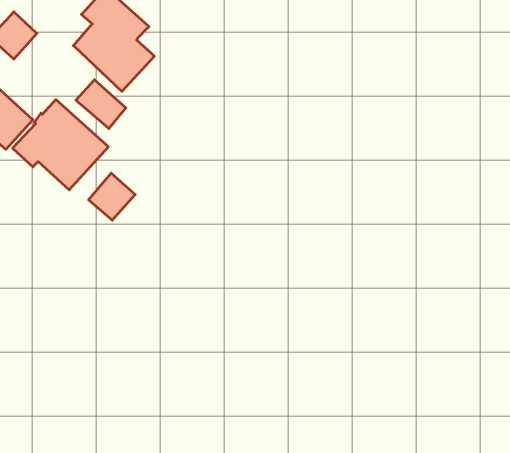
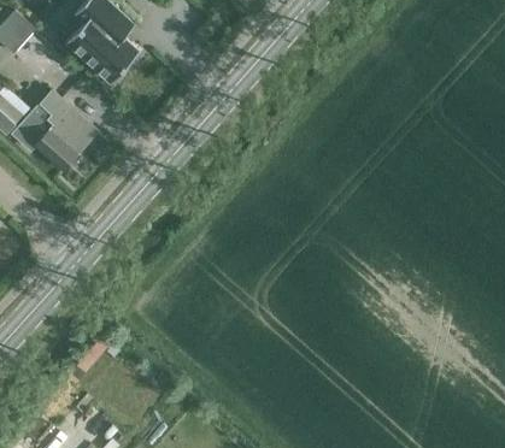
building: [76,80,126,129] -> none
building: [89,173,135,220] -> none

